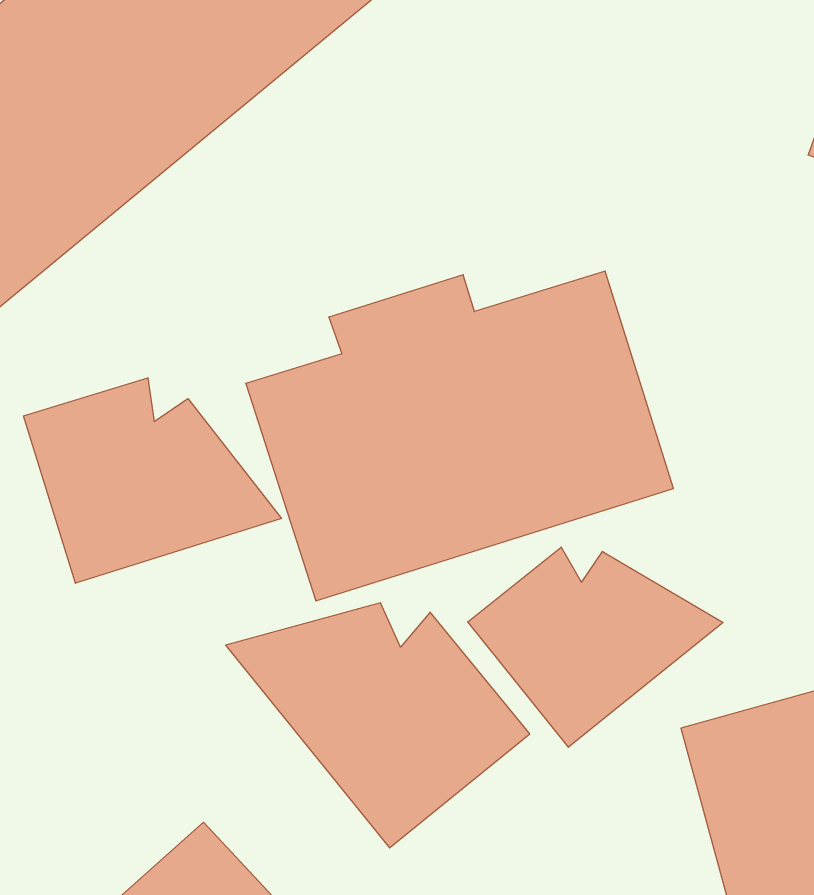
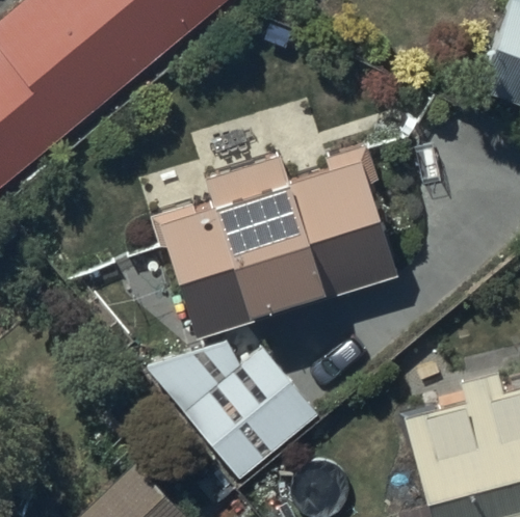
building: [23,378,281,583] -> none
building: [468,547,723,747] -> none

